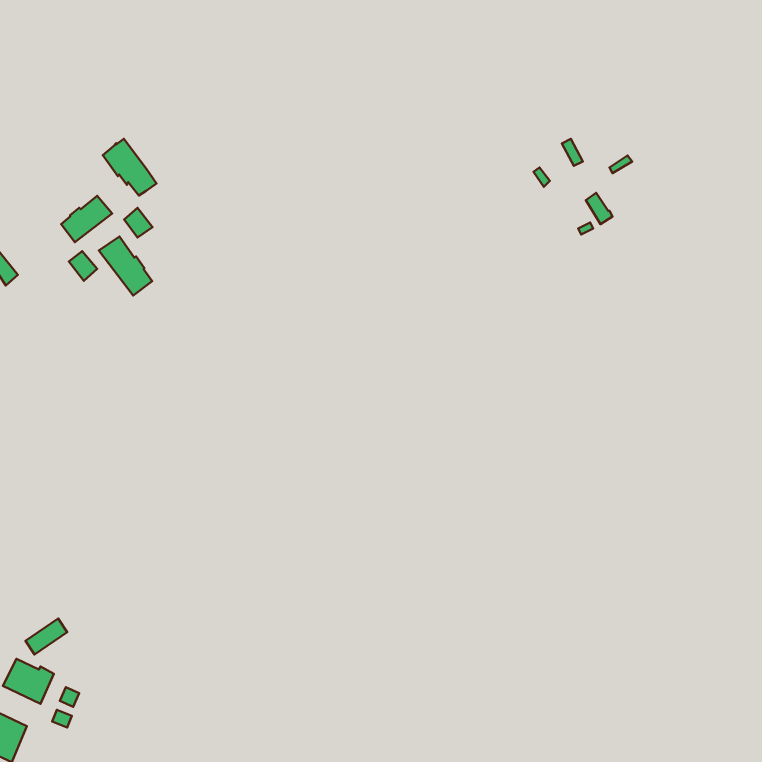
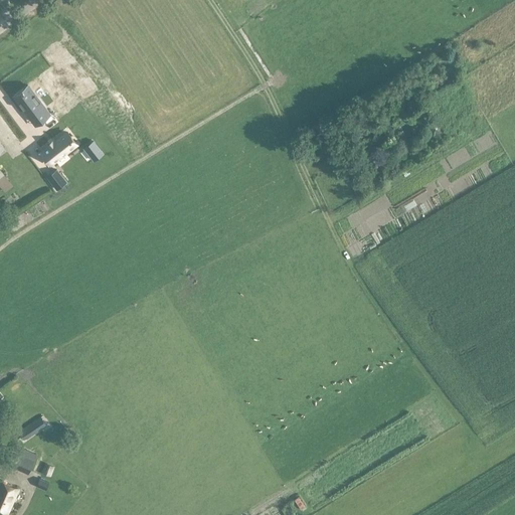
building: [103,139,157,195] -> [13,85,49,124]
building: [99,237,152,296] -> none

